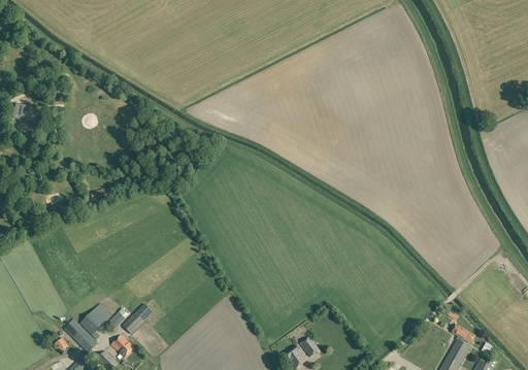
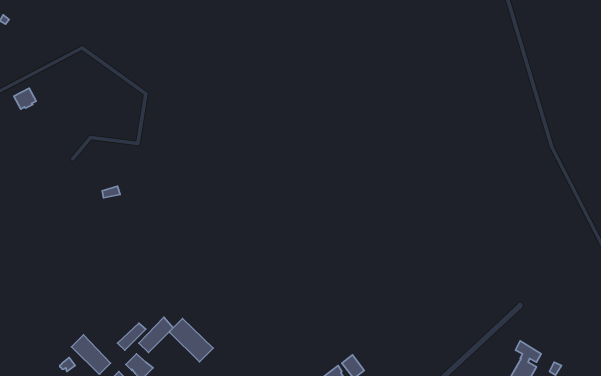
building: [80,303,111,336] -> none
building: none -> [170,319,213,362]

